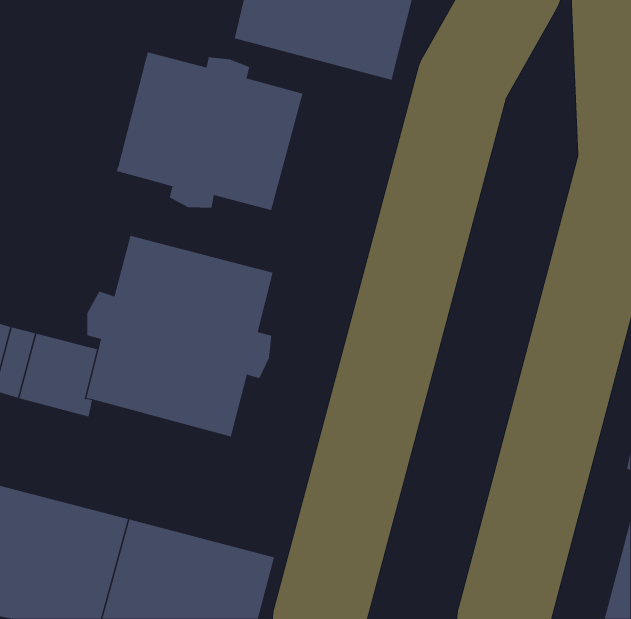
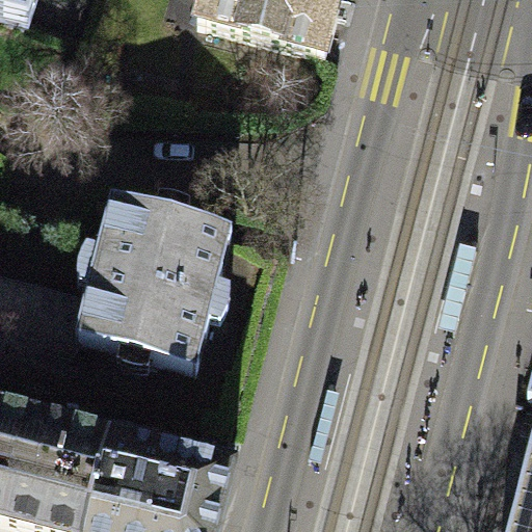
building: [116,51,303,211] -> none

